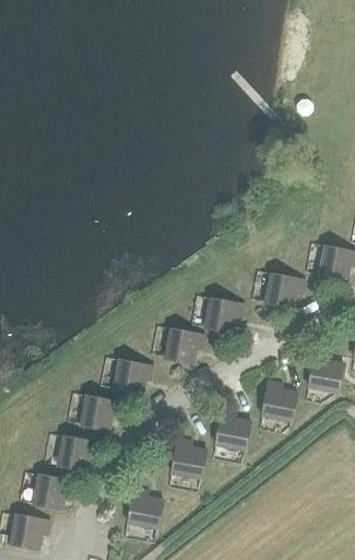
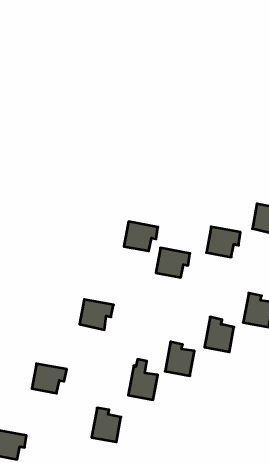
building: [163,328,203,363] -> [124,222,158,251]
building: [79,395,120,430] -> none
building: [32,474,72,509] -> none

